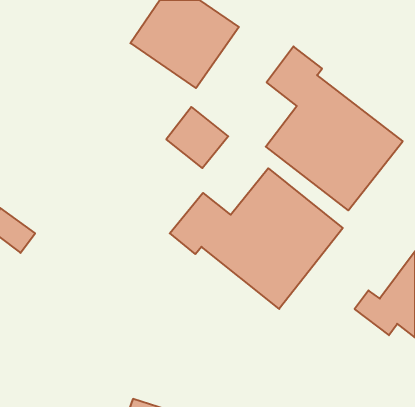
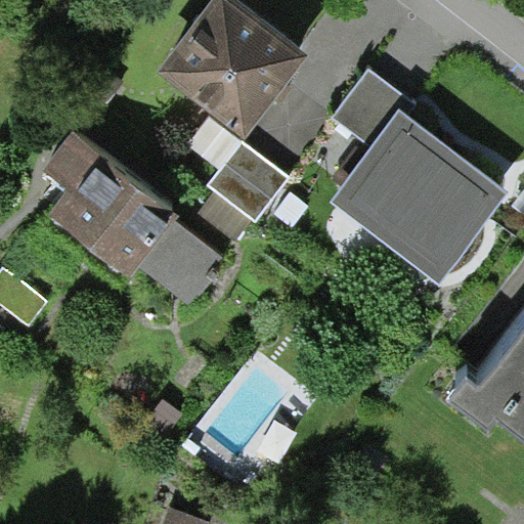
building: none -> [45,131,221,302]
building: [170,168,343,309] -> none

